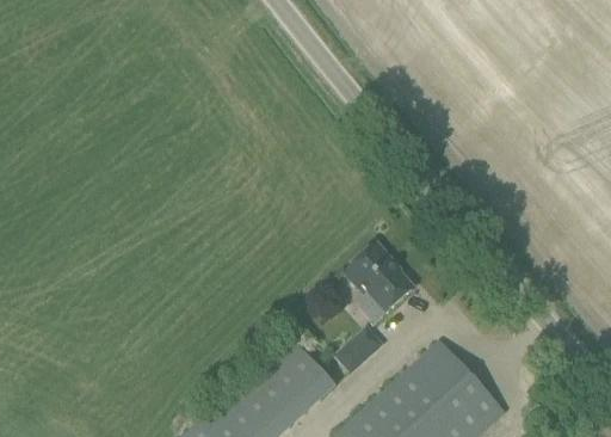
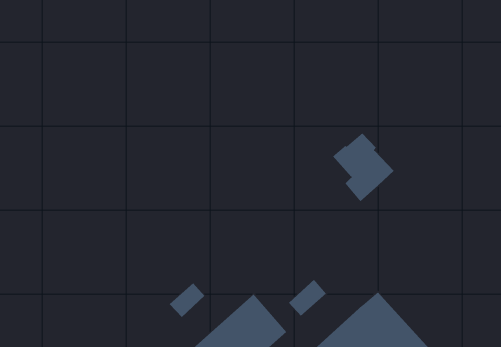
building: [340,242,412,322] -> [332,132,395,202]
building: none -> [169,282,205,318]

